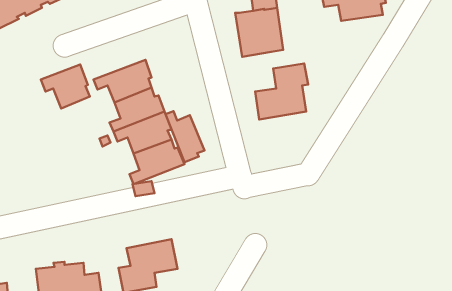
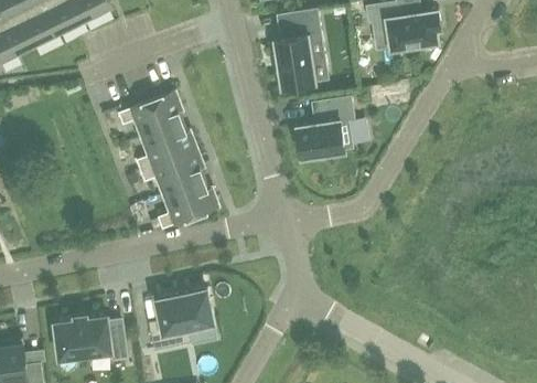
building: [41,65,90,108] -> none
building: [165,111,205,162] -> none

